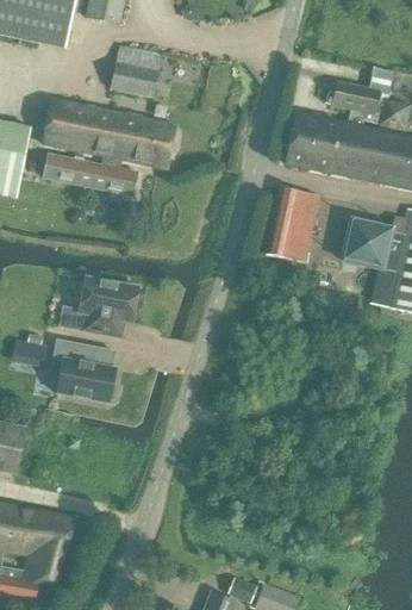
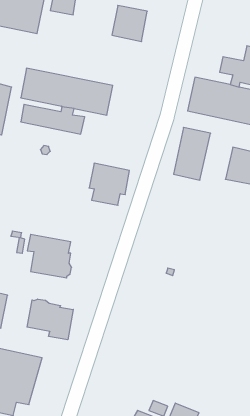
building: [110,44,161,97] -> [112,5,147,42]
building: [80,276,138,337] -> [89,163,129,205]
building: none -> [27,299,73,340]

